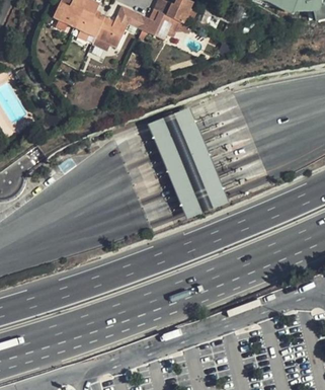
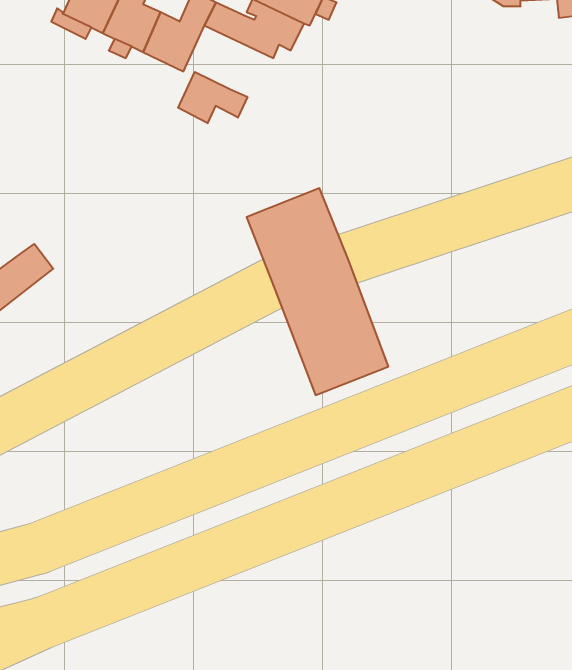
building: none -> [178,72,247,123]

